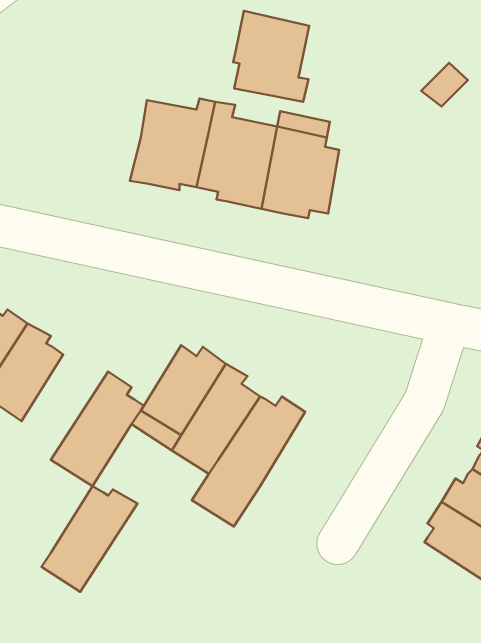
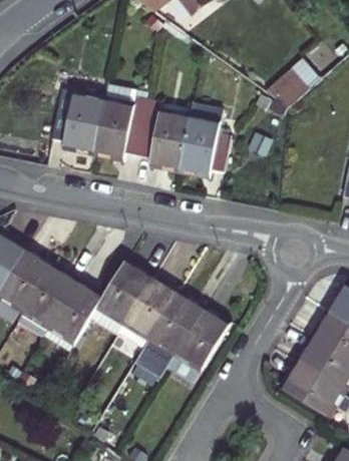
building: [233,11,309,102] -> none
building: none -> [52,92,103,153]
building: none -> [177,303,228,367]
building: [41,486,138,592] -> [16,266,78,334]

